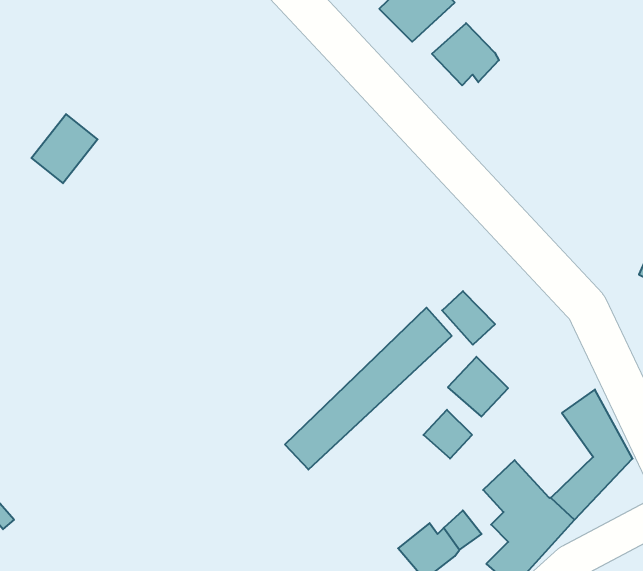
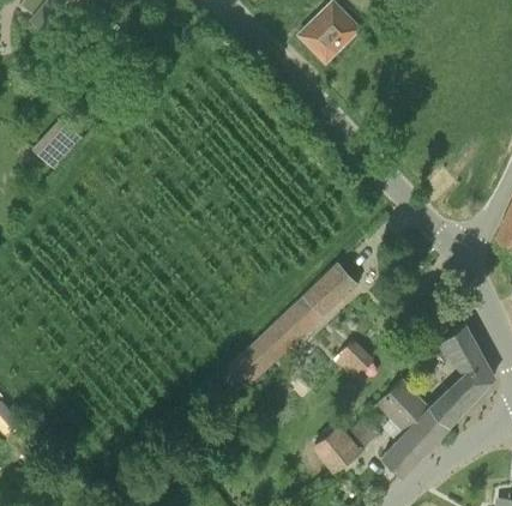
building: [432,23,499,85] -> none
building: [442,291,495,345] -> none
building: [448,357,508,417] -> none

